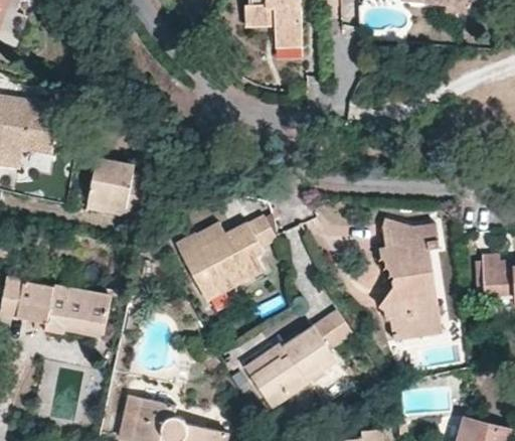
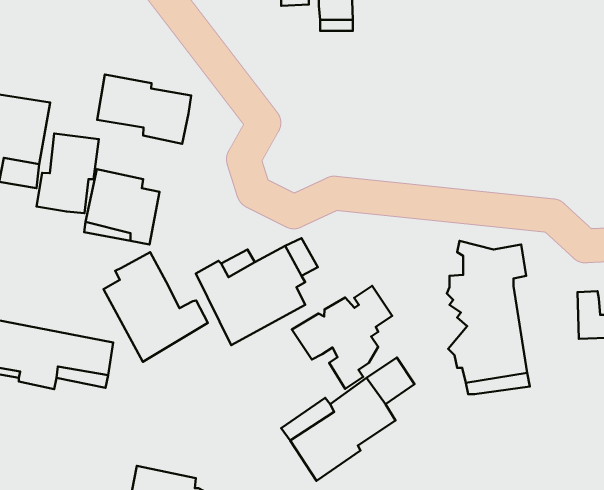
building: none -> [97,75,191,144]
building: none -> [37,133,99,213]
building: none -> [104,252,208,362]
building: none -> [292,286,392,389]

